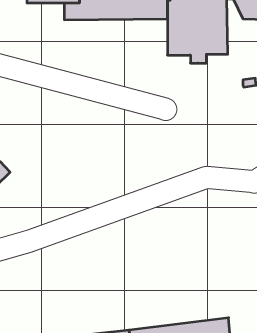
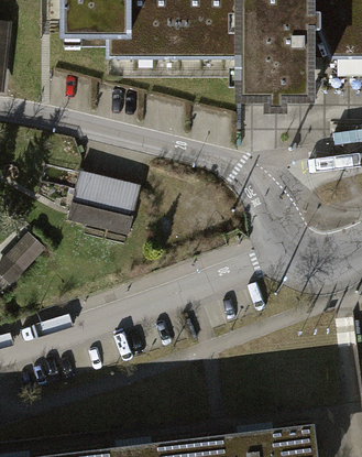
building: none -> [68,172,139,233]

